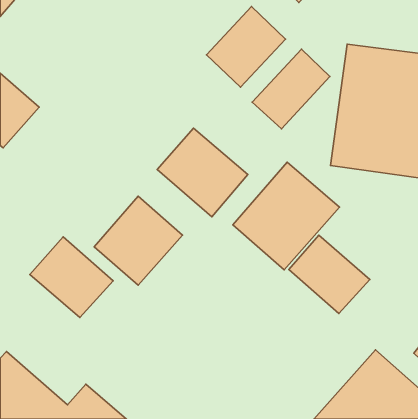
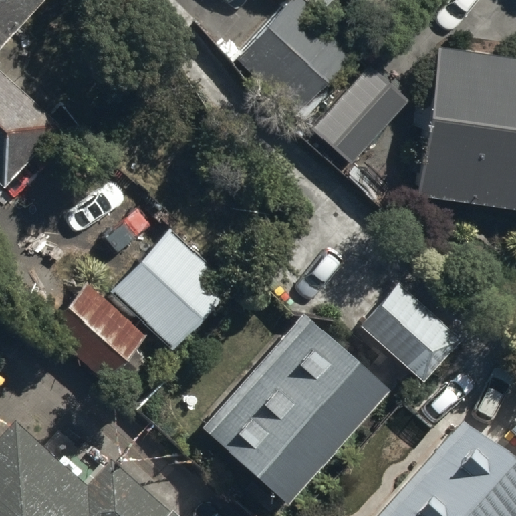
building: [157,128,248,217] -> none
building: [233,162,339,270] -> none
building: none -> [208,316,389,502]

